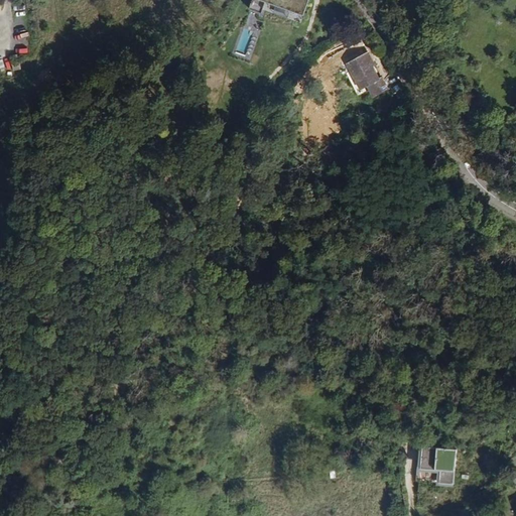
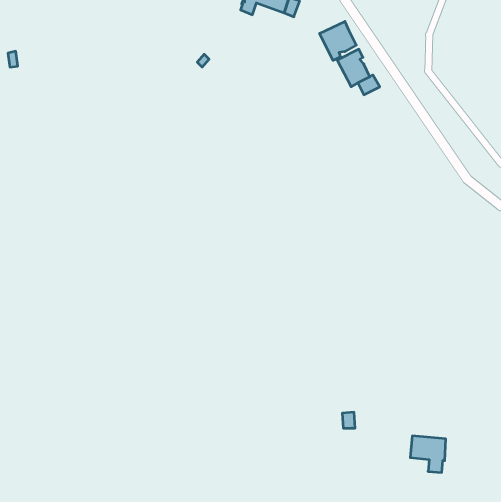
building: none -> [320,21,356,60]

